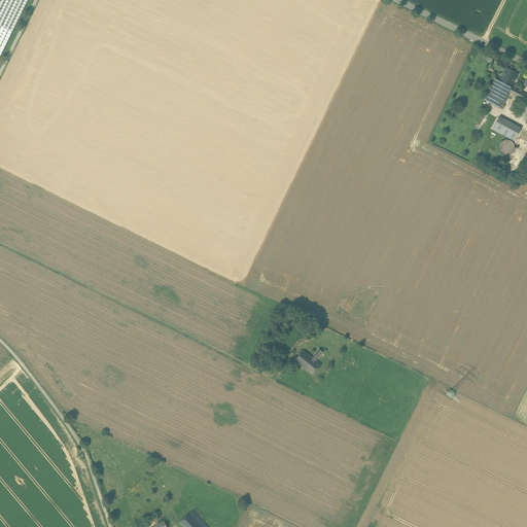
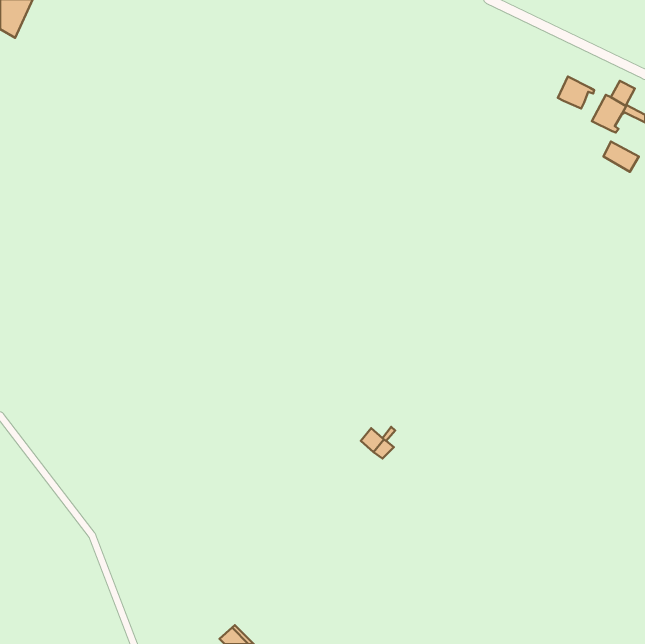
building: none -> [558,76,594,109]

